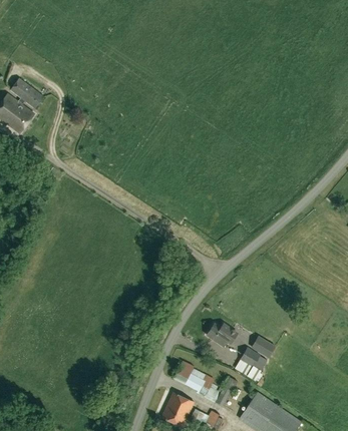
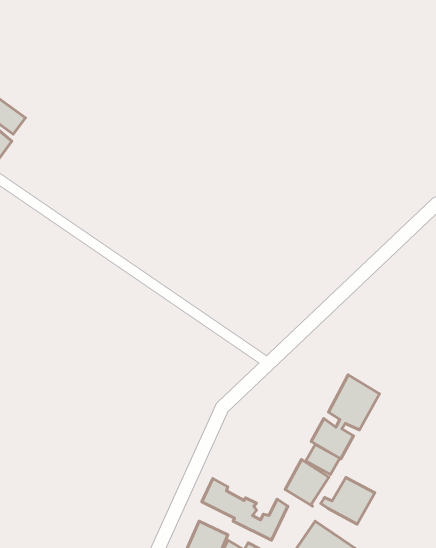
building: none -> [311,375,380,459]
building: [206,323,235,346] -> none
building: none -> [321,477,375,524]

